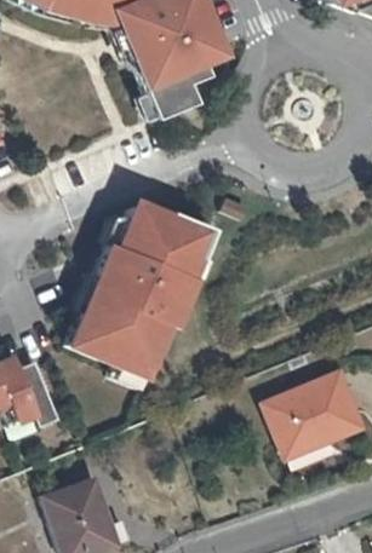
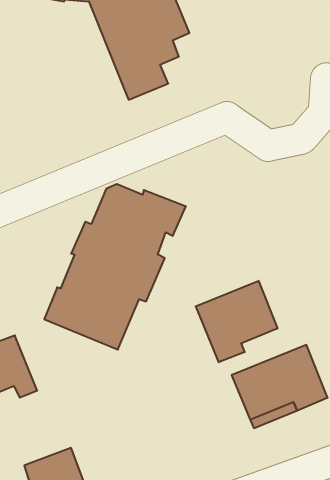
building: none -> [196,281,277,362]

